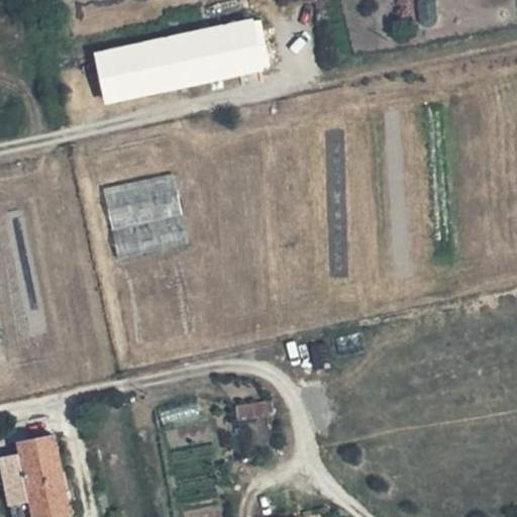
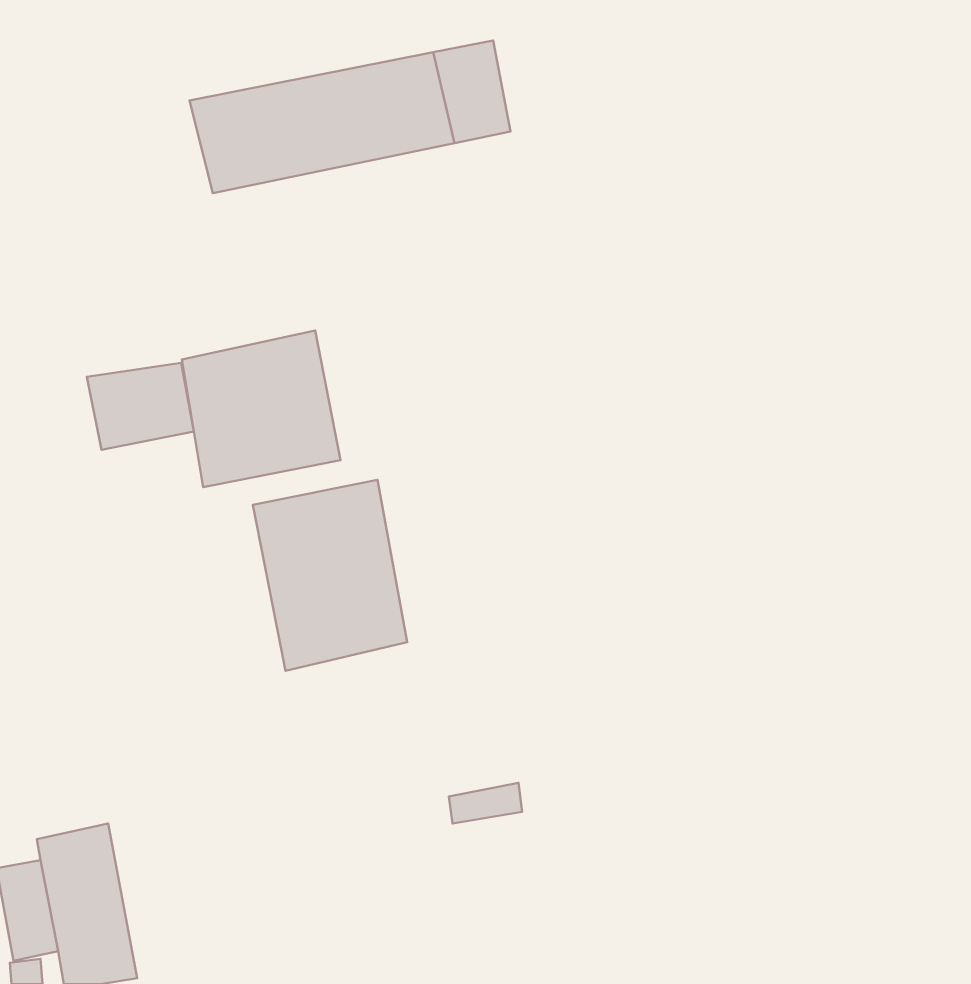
building: none -> [87,363,194,450]
building: none -> [253,480,407,671]

